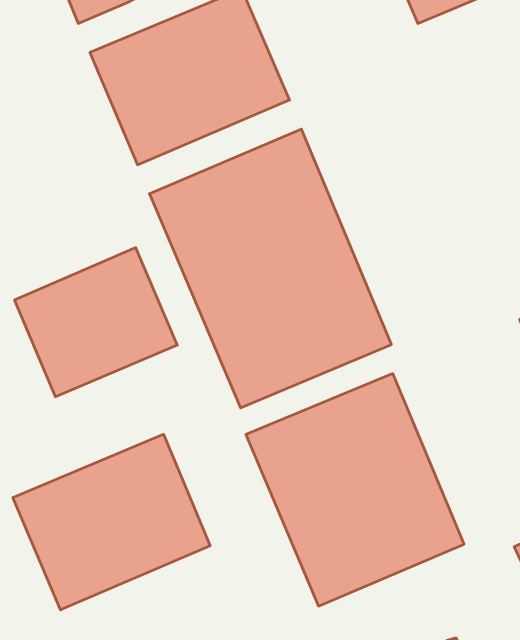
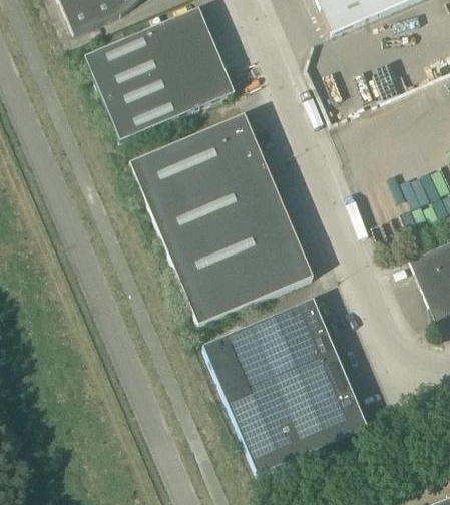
building: [15,248,177,397] -> none
building: [13,434,210,610] -> none

